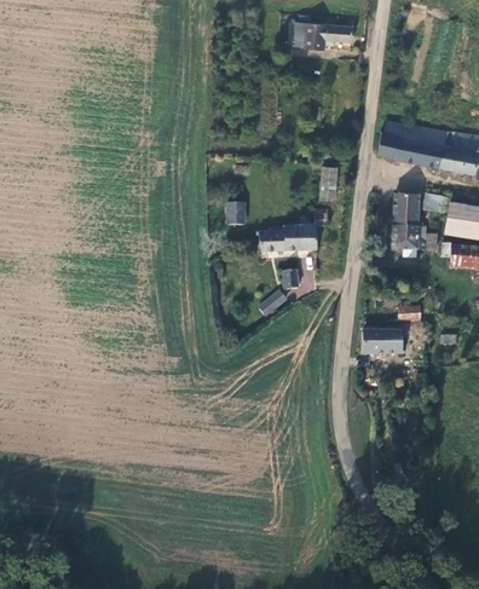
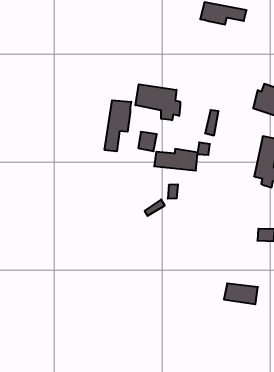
building: none -> [135,84,180,120]
building: none -> [105,100,131,151]
building: [363,330,405,353] -> [224,283,258,304]

